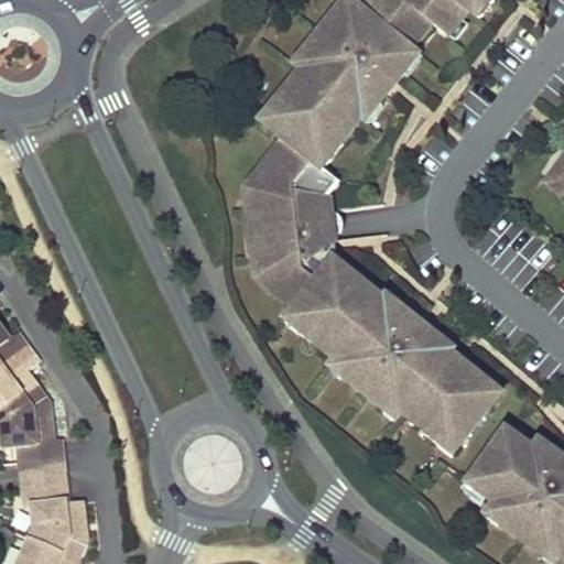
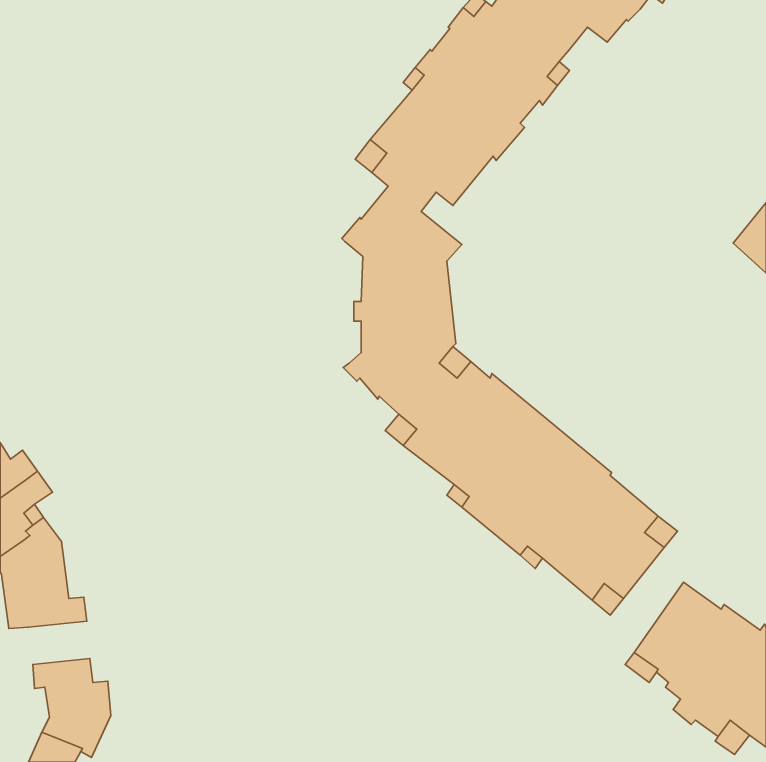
building: [245,177,267,267] -> none
building: [21,456,66,488] -> none

